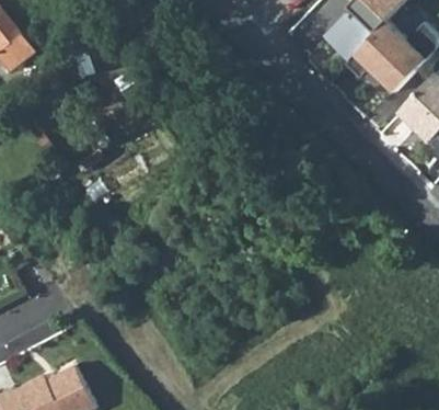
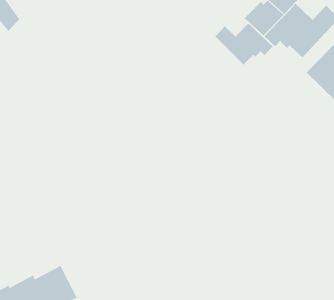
building: none -> [214,23,274,66]

